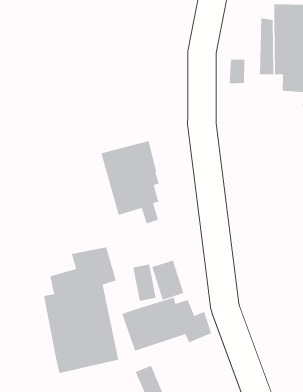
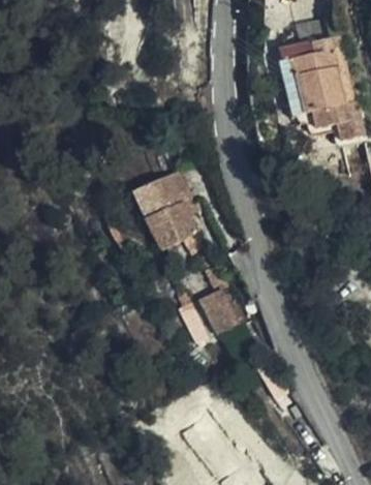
building: [44,247,119,374] -> none
building: [121,297,212,352] -> none

